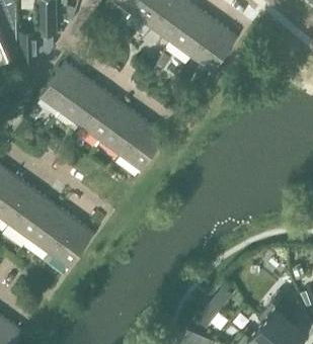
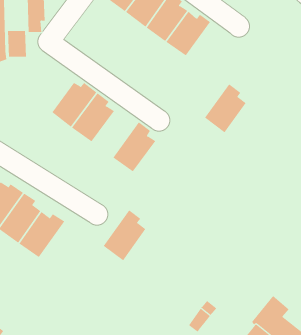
building: [192,24,234,73] -> [204,84,246,133]
building: [41,64,82,112] -> none
building: [100,111,146,157] -> none
building: [49,220,91,270] -> [103,210,146,261]

